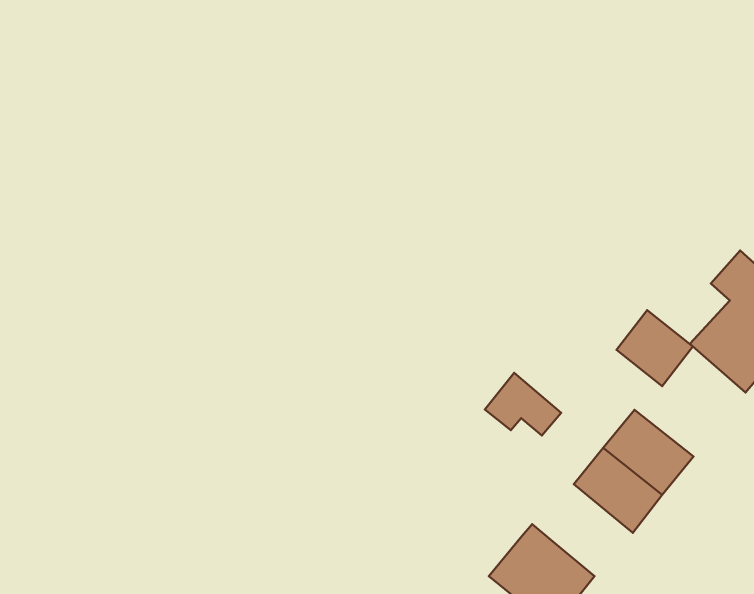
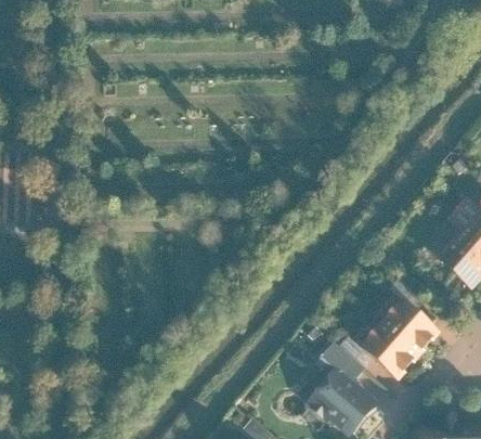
building: [616,310,693,386] -> none
building: [485,373,561,435] -> [314,343,362,382]

